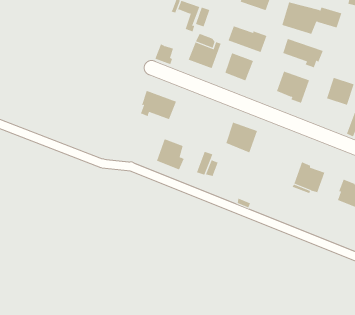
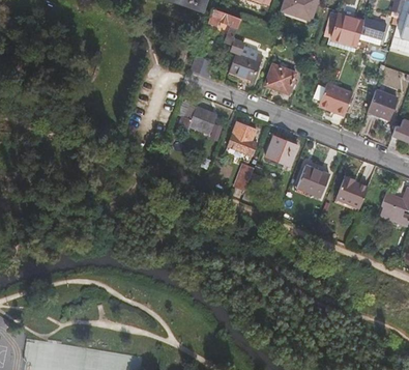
building: [228,26,267,53] -> none
building: [283,38,323,68] -> none
building: [156,139,185,170] -> [227,121,256,153]
building: none -> [295,163,328,195]

